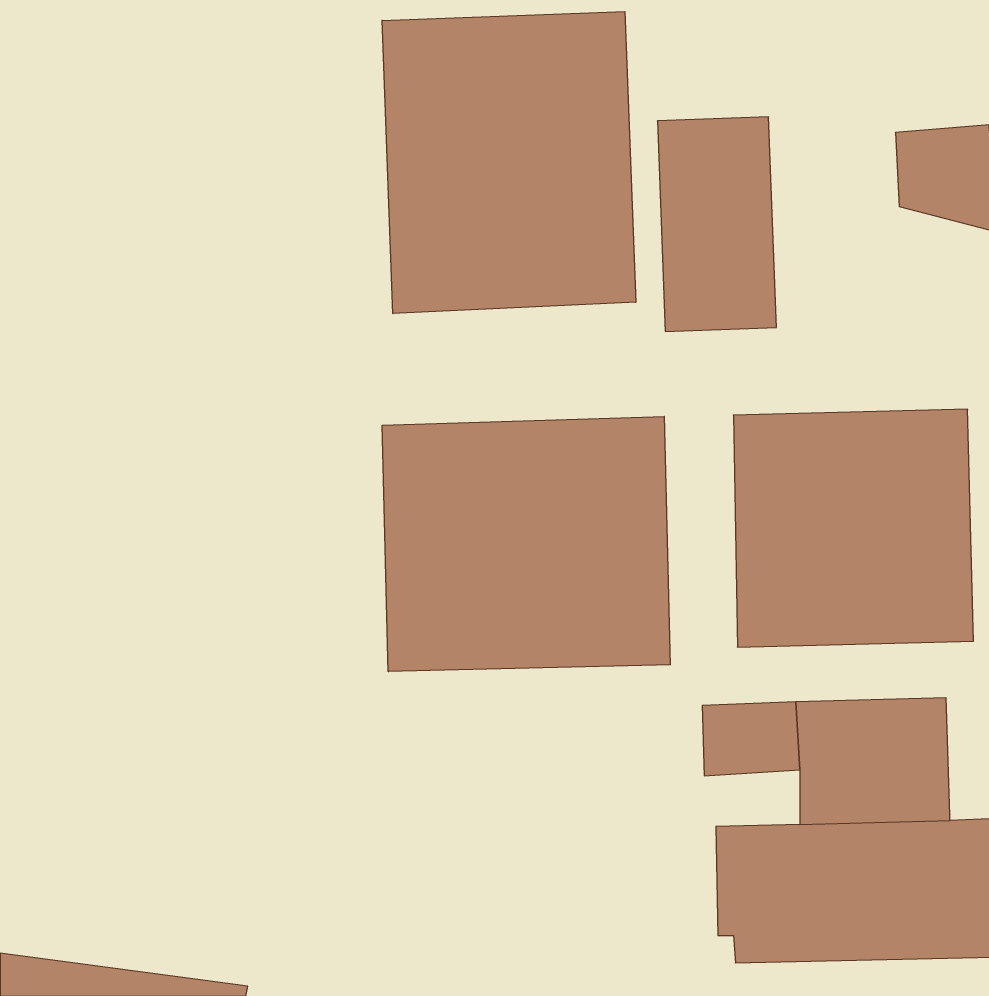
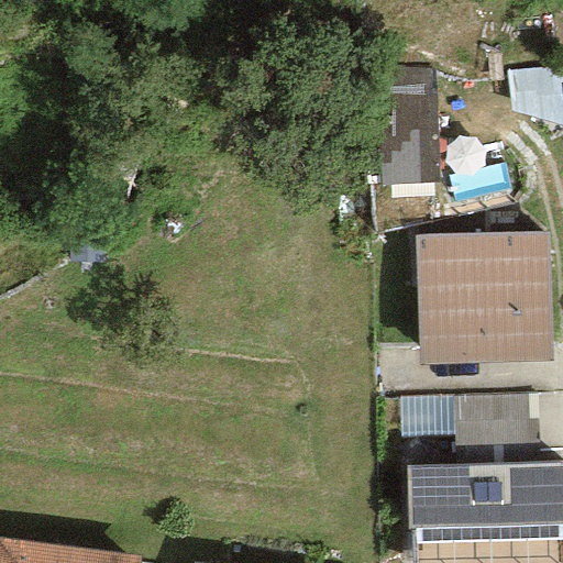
building: [382,12,636,314] -> none
building: [382,416,670,672] -> none

